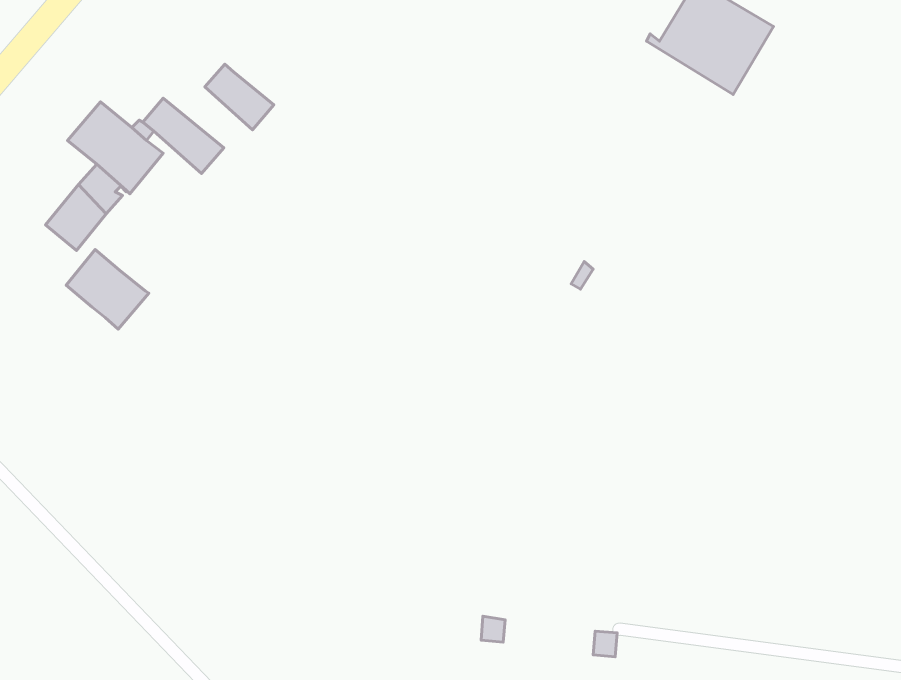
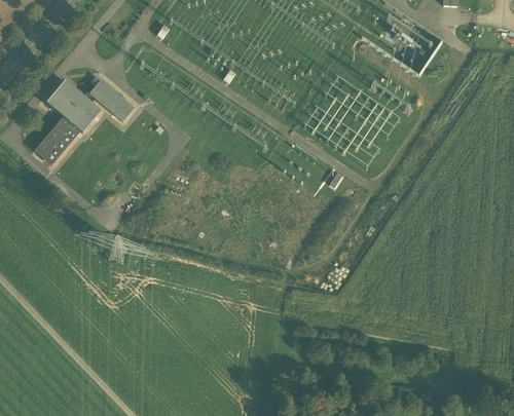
building: [205,64,274,130] -> none
building: [66,250,149,329] -> none

